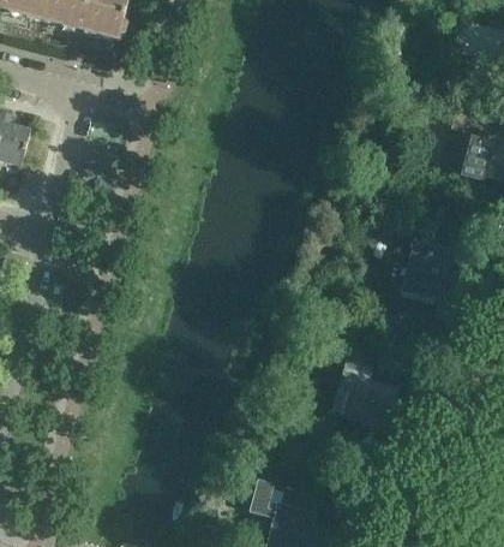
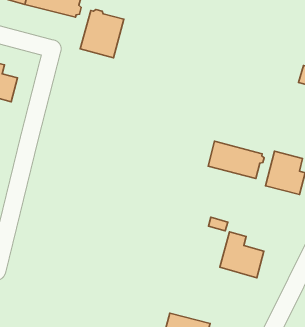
building: none -> [80,9,124,58]
building: none -> [208,141,264,178]

